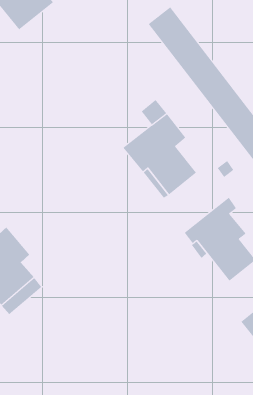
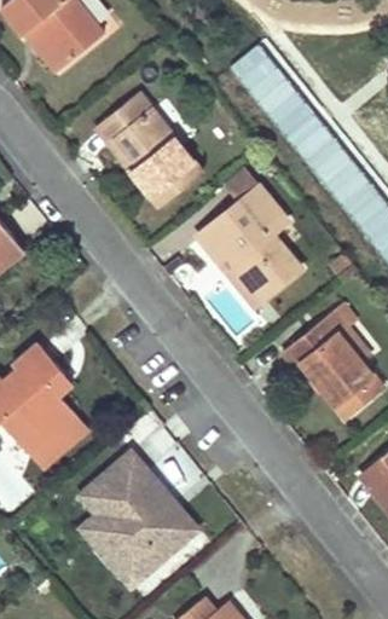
building: none -> [98,97,201,206]
building: none -> [81,452,198,569]

